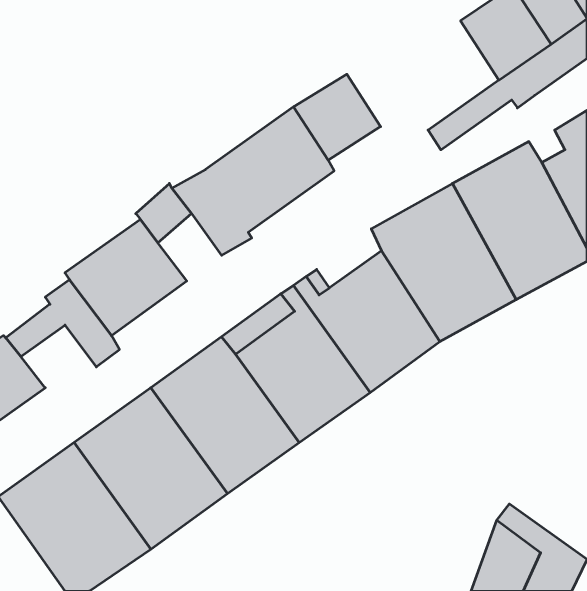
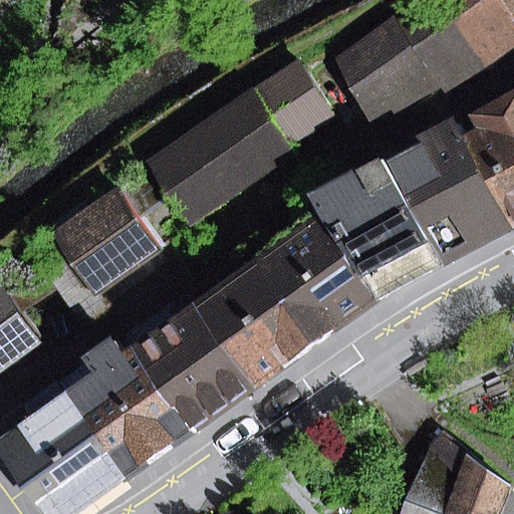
building: none -> [339,18,432,112]

